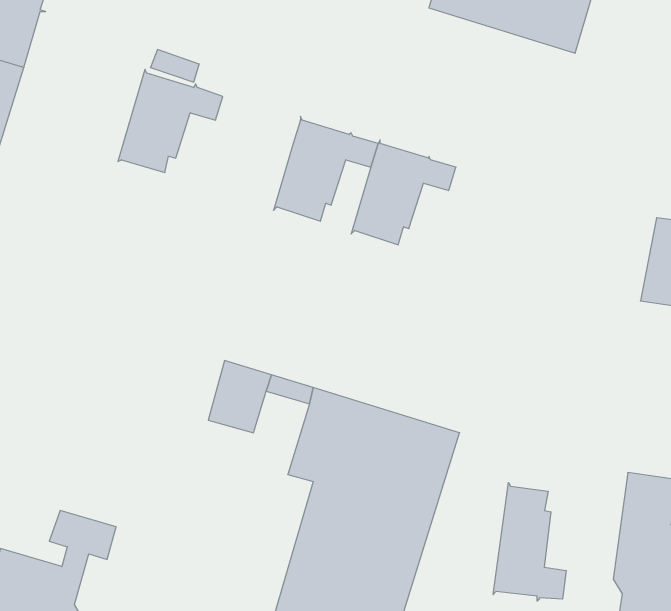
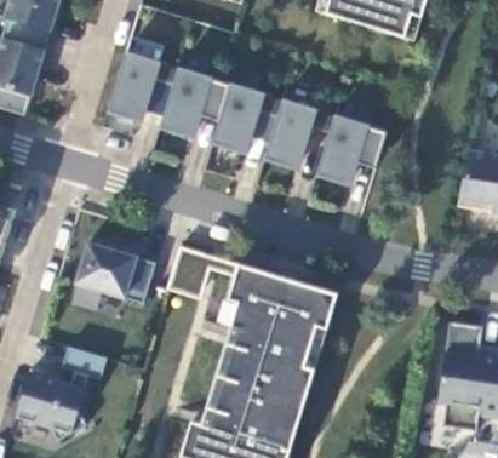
building: none -> [159,69,229,137]
building: none -> [315,114,385,184]
building: none -> [75,242,155,303]
building: [493,483,566,601] -> none

